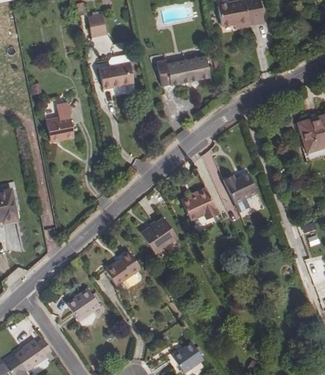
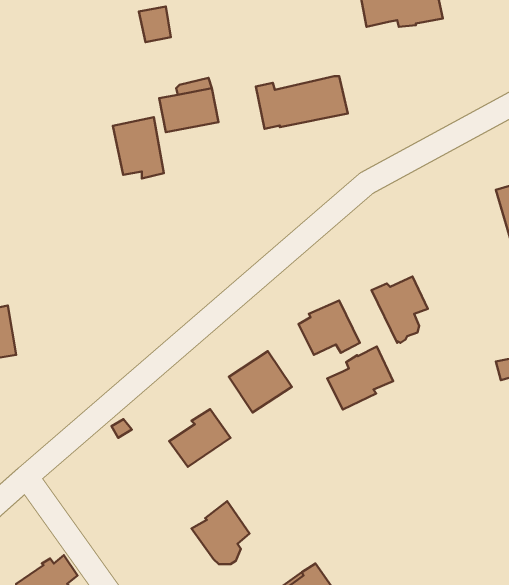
building: [44,103,74,139] -> [113,117,164,178]
building: none -> [327,347,393,410]
building: [66,287,100,324] -> [192,501,249,564]

